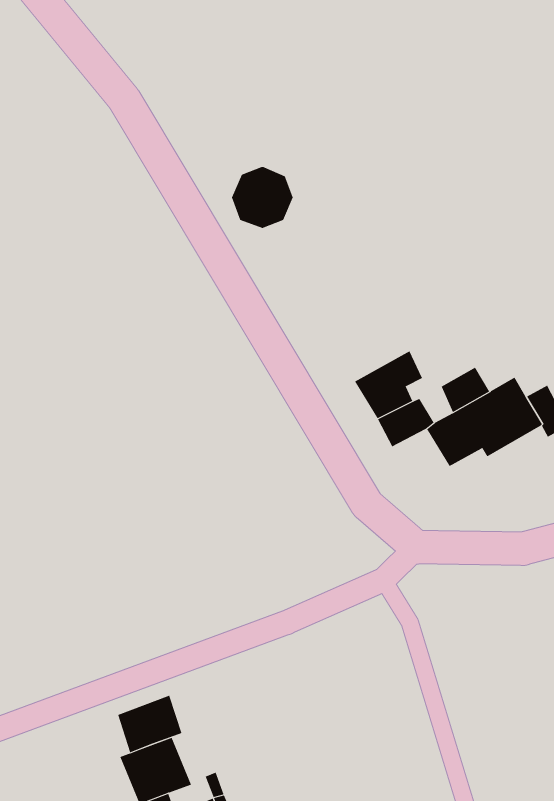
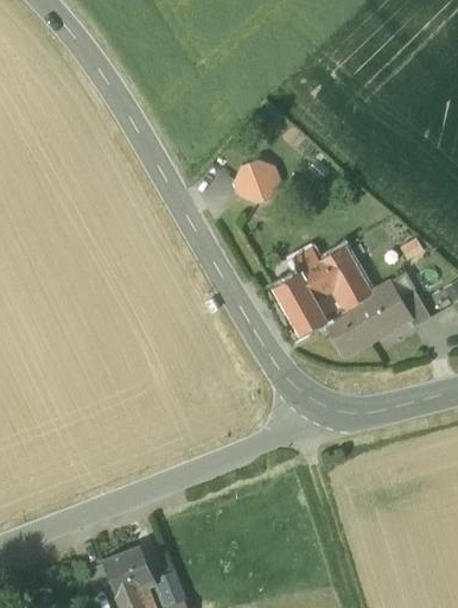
building: [231,166,294,229] -> [234,159,279,204]
building: none -> [320,248,361,292]
building: [117,695,182,753] -> none

